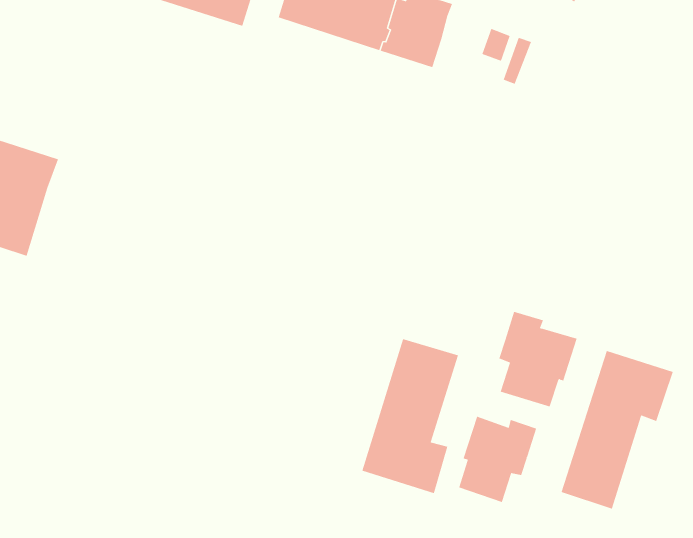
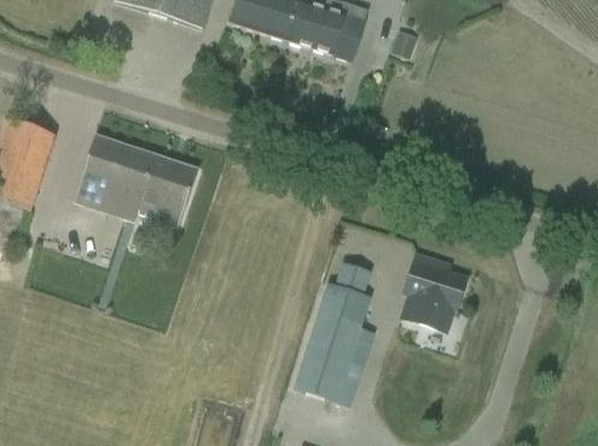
building: none -> [74,134,198,225]
building: [561,350,674,510] -> none
building: [458,416,537,503] -> none

